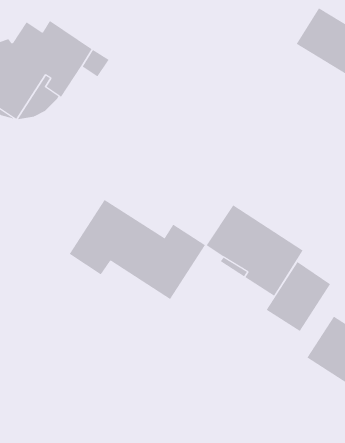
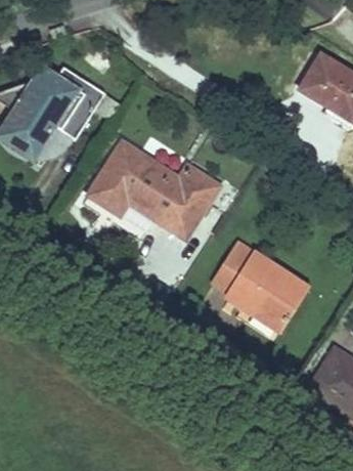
building: [69,199,206,300] -> [88,141,219,238]
building: [266,261,331,332] -> none

